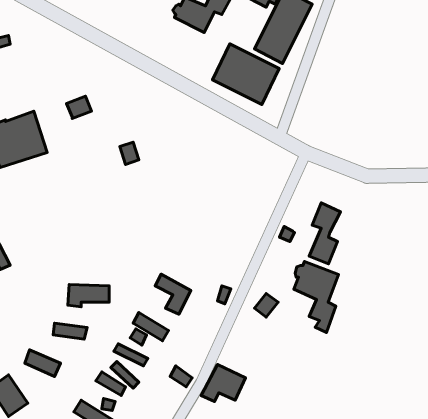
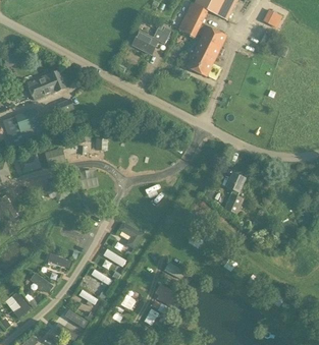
building: [212,44,279,104] -> none
building: none -> [26,70,64,101]
building: [294,261,339,332] -> none

